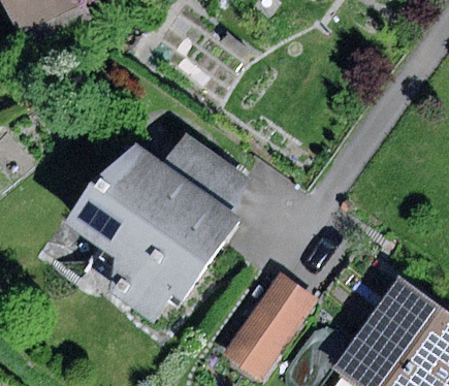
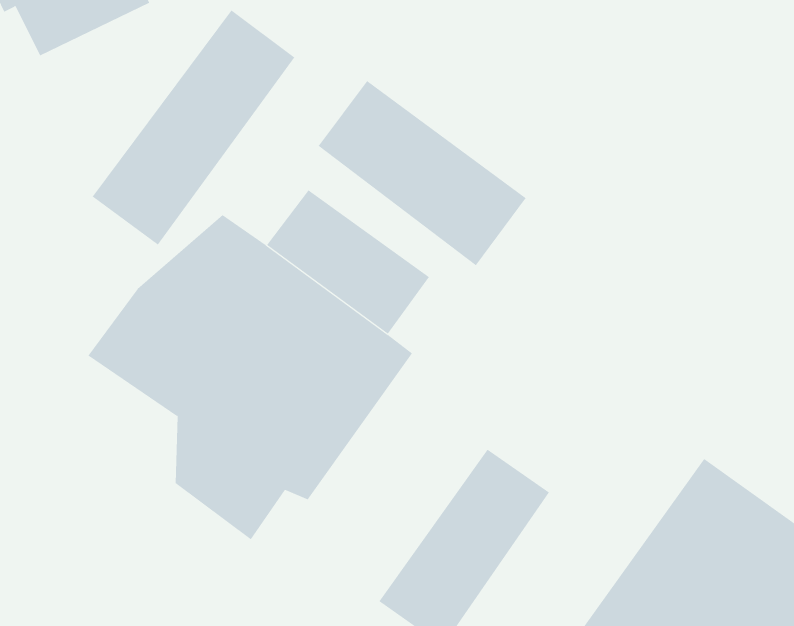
building: none -> [92,10,295,246]
building: none -> [318,80,527,266]

